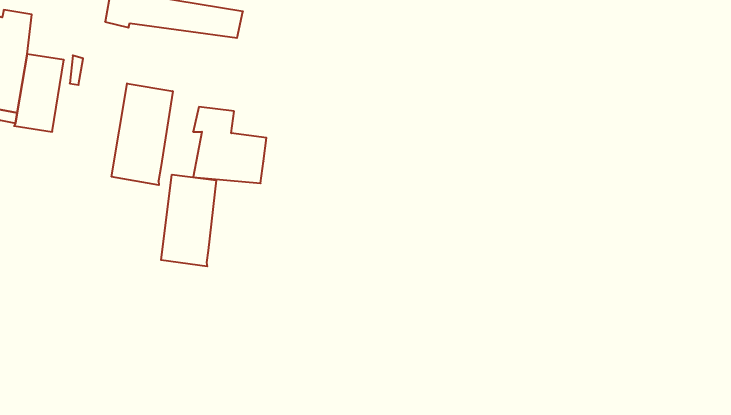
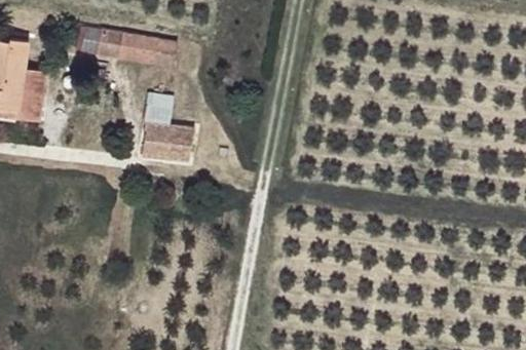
building: [112,83,173,185] -> none
building: [161,175,216,266] -> none

